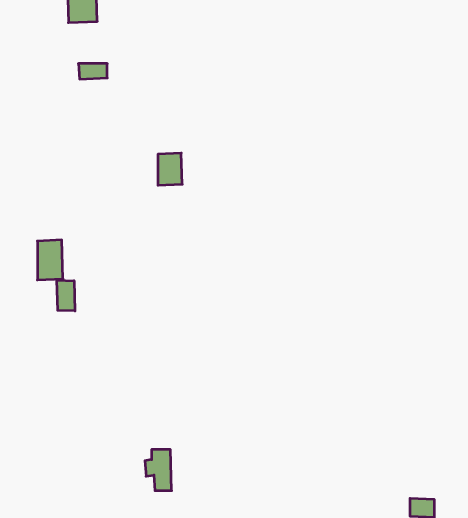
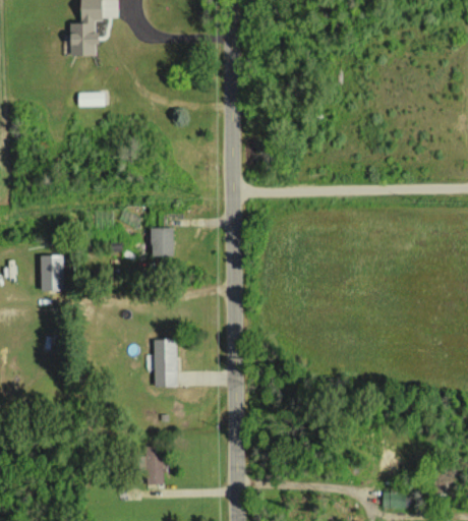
building: [158,153,182,185] -> [151,227,173,256]
building: [57,280,75,311] -> none
building: none -> [154,339,177,387]

